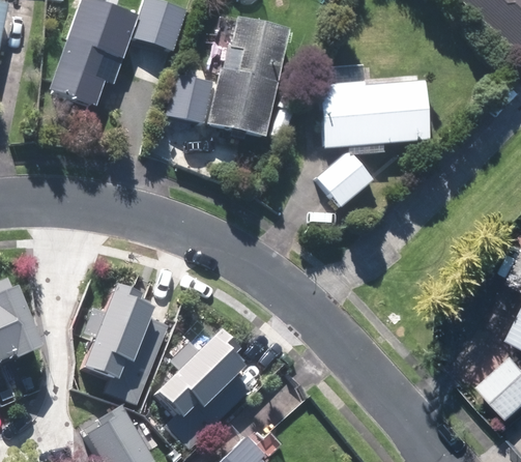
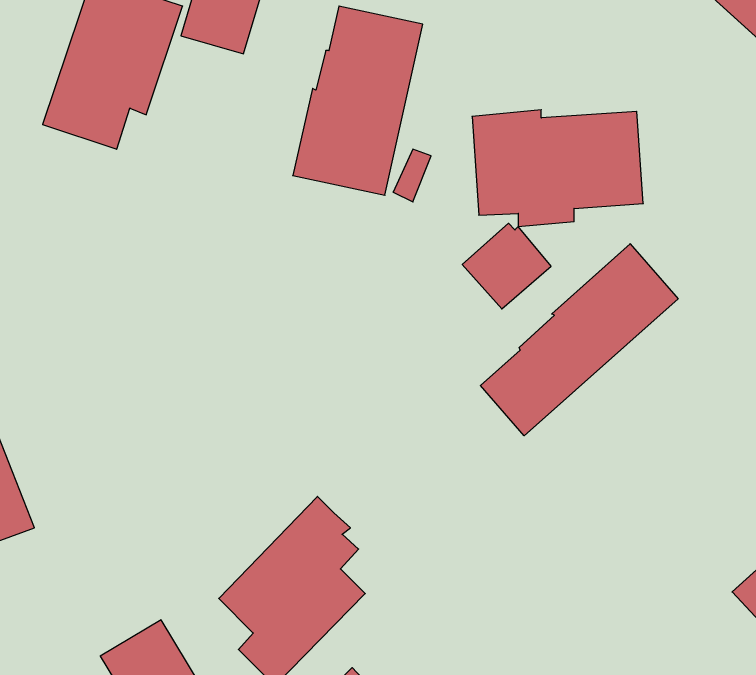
building: [166,71,212,122] -> none
building: none -> [480,244,678,436]
building: [85,281,169,401] -> none

